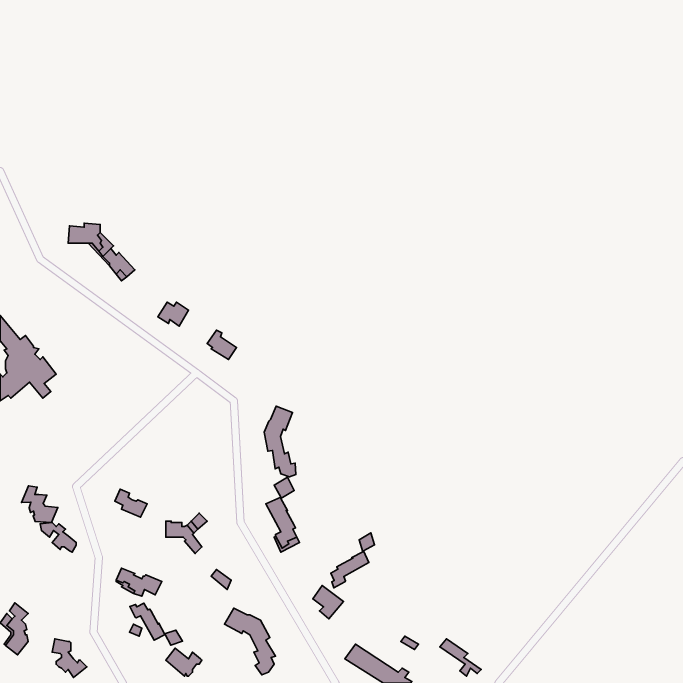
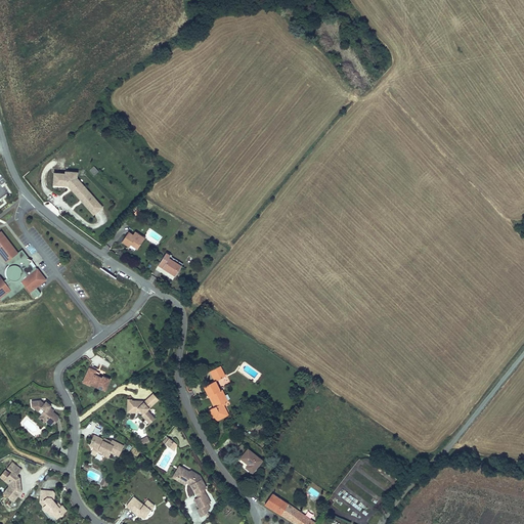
building: [264,406,296,477] -> none
building: [21,486,58,522] -> none
building: [331,533,375,588] -> none
building: [130,603,183,645] -> none

